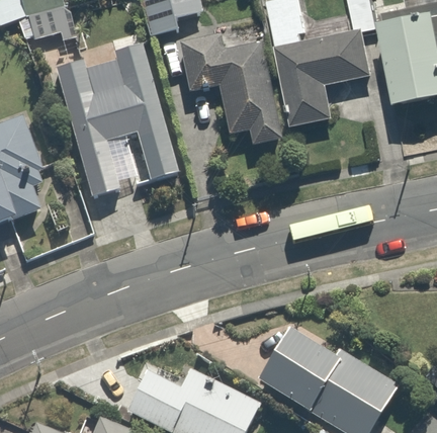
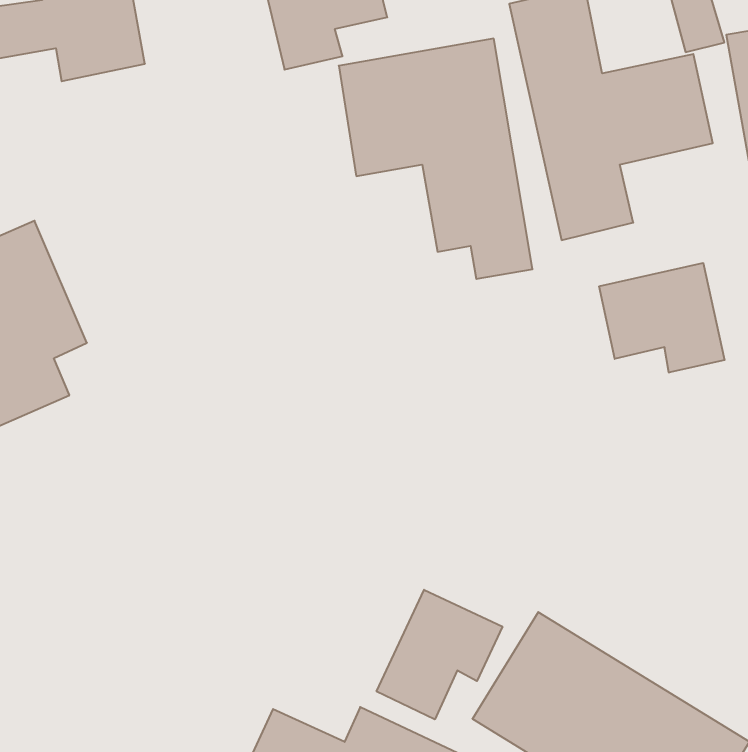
building: [57,42,181,201] -> none
building: none -> [599,263,725,373]
building: none -> [377,590,502,719]

